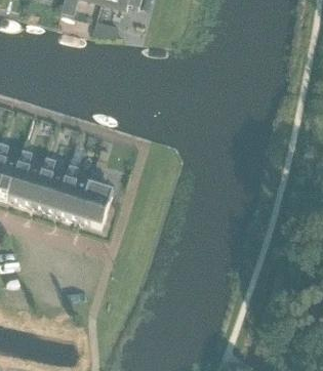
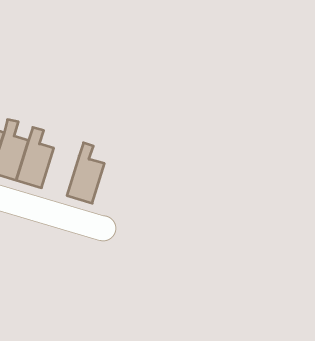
building: [52,163,87,219] -> none

